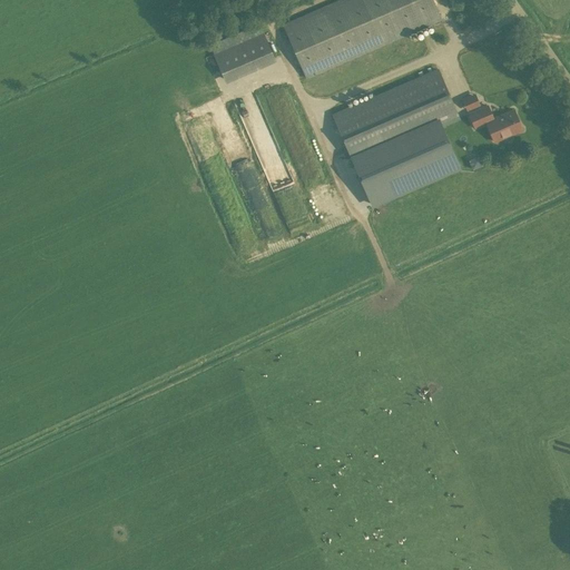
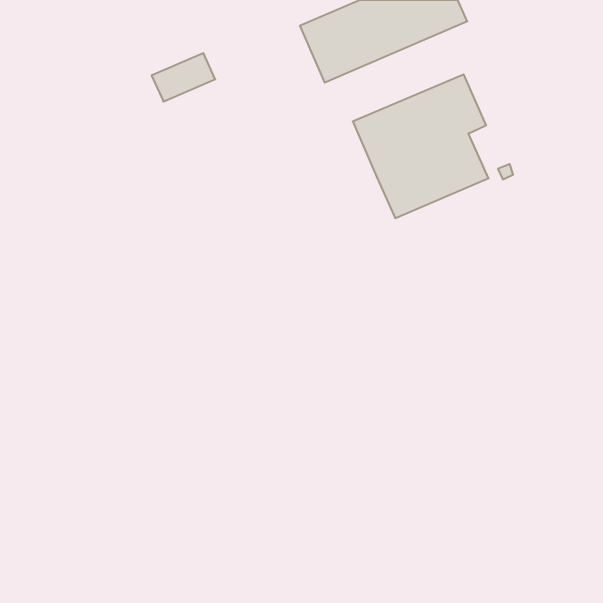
building: [214,33,274,79] -> [152,53,215,102]
building: [469,106,522,141] -> none

